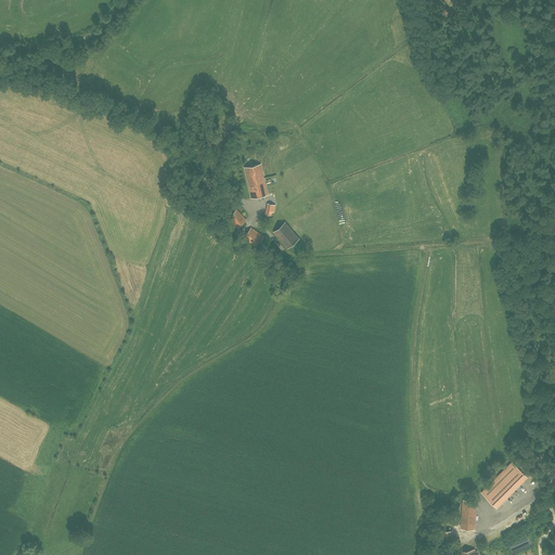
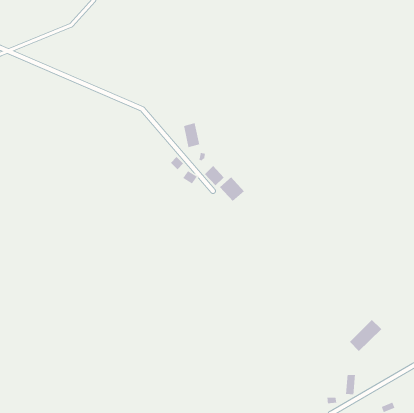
building: none -> [219,177,245,202]
building: [481,464,526,507] -> [349,319,382,352]

